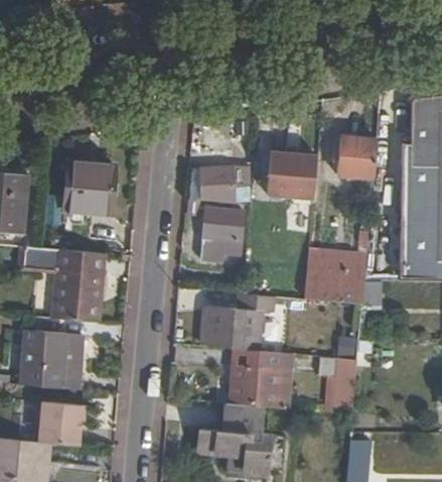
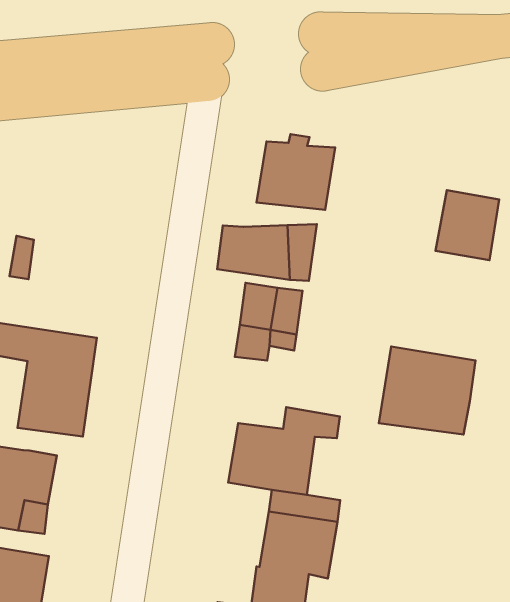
building: [266,148,317,199] -> [257,134,335,210]
building: [64,161,114,212] -> none
building: [318,357,357,415] -> none

